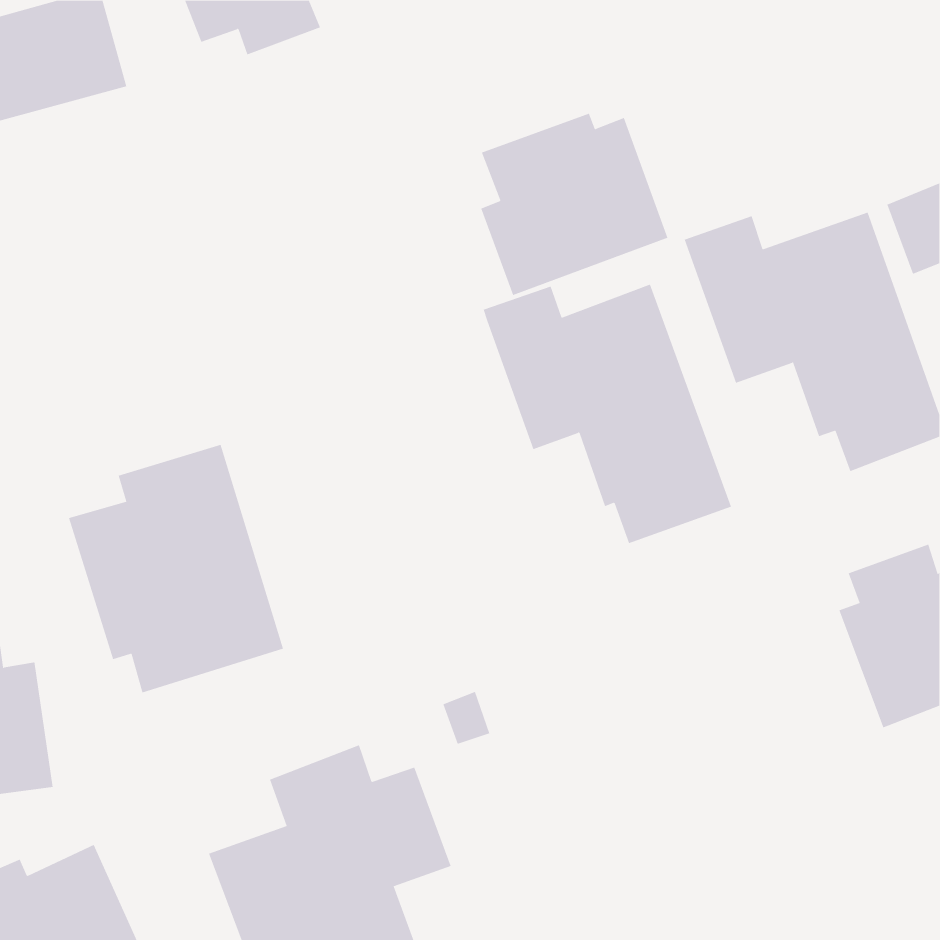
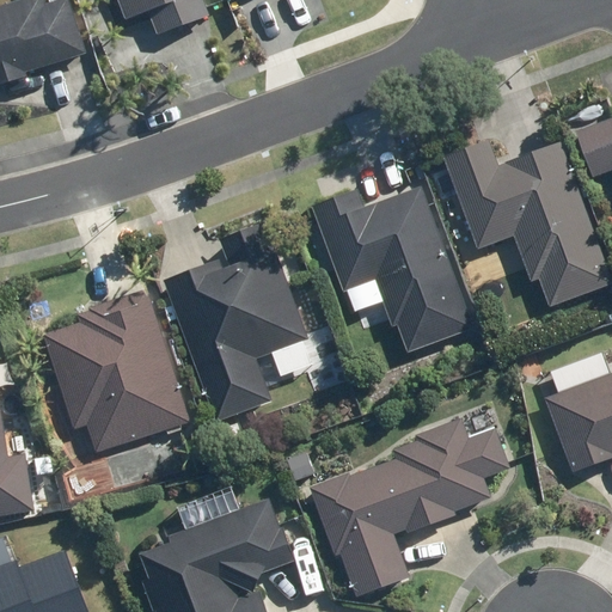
building: [480,113,668,296] -> none
building: none -> [166,220,311,424]
building: none -> [311,416,512,598]

